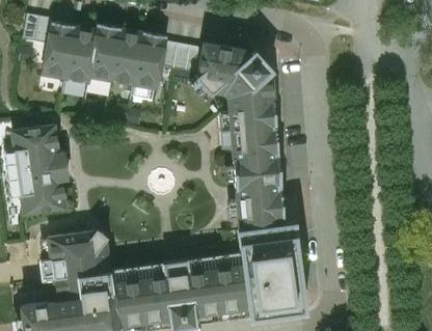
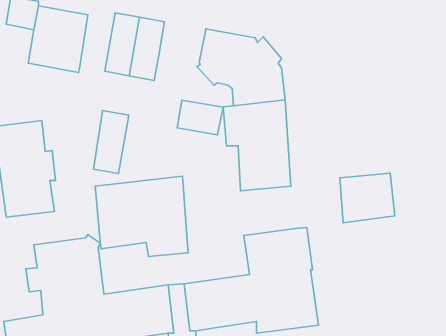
building: [89,23,122,80] -> [93,110,129,174]
building: [161,40,203,72] -> [177,100,223,135]
building: none -> [95,176,188,256]
building: [235,184,285,228] -> [340,173,395,223]

